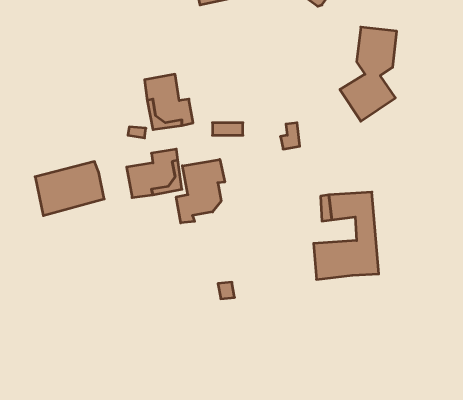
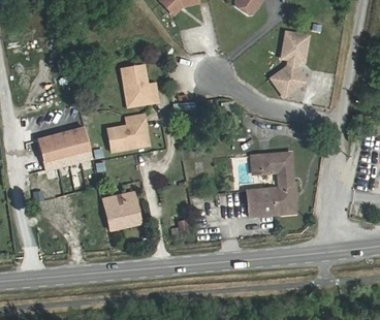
building: [176,159,225,223] -> none
building: none -> [104,192,140,228]

